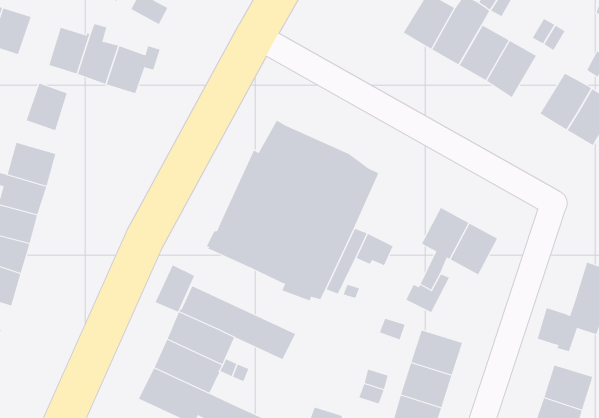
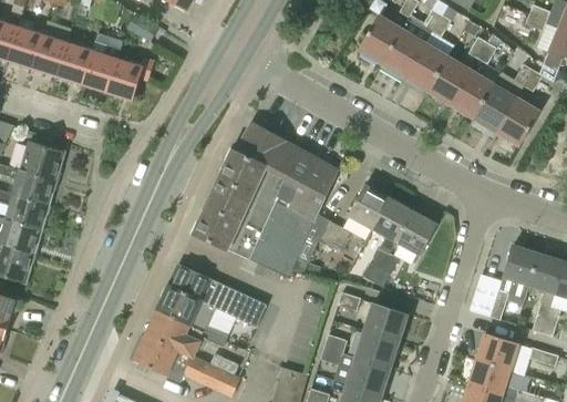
building: none -> [451,69,495,117]
building: [26,83,68,131] -> [31,35,66,76]
building: none -> [349,185,390,228]
building: [155,265,195,312] -> none

